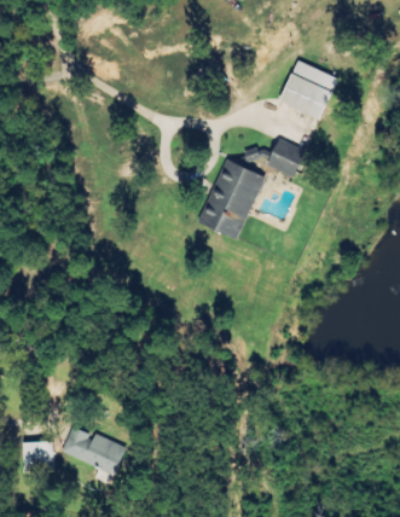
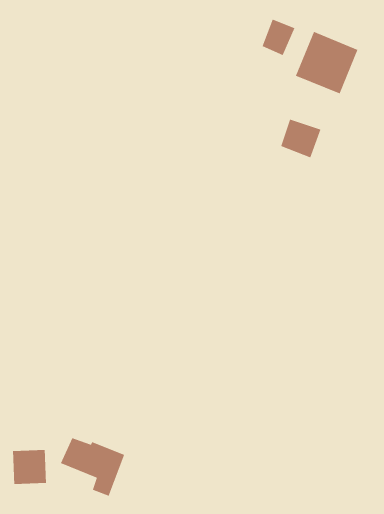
building: none -> [262,18,295,56]
building: [198,163,263,238] -> none

